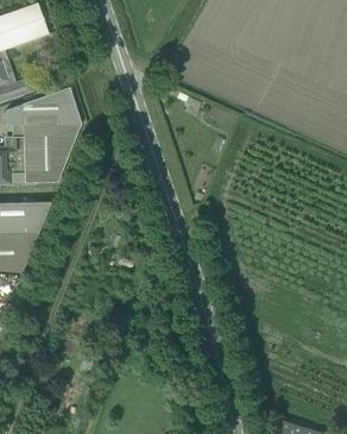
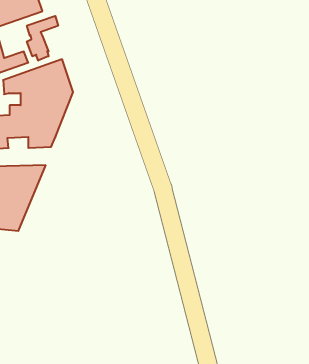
building: none -> [27,16,58,61]

